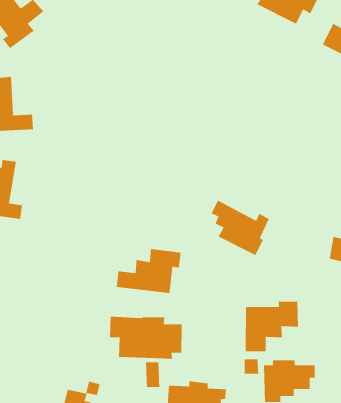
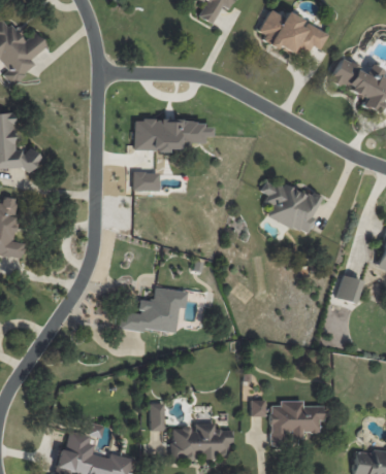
building: none -> [135,120,213,147]
building: none -> [134,171,160,190]
building: [210,200,270,256] -> [261,176,322,234]
building: [245,301,299,352] -> none
building: [109,316,183,360] -> none

